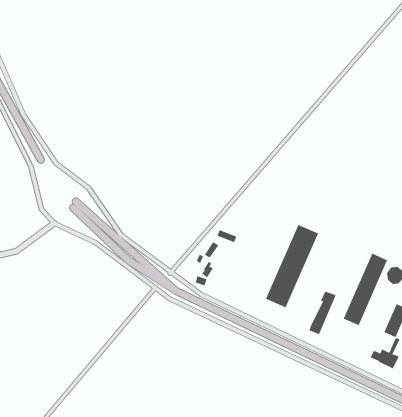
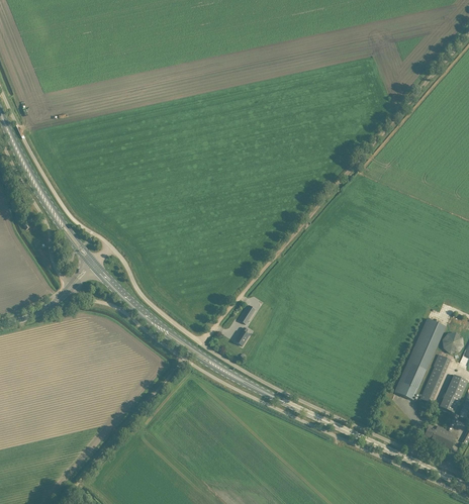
building: [265,224,319,308] -> none
building: [309,291,336,335] -> [419,354,451,403]

